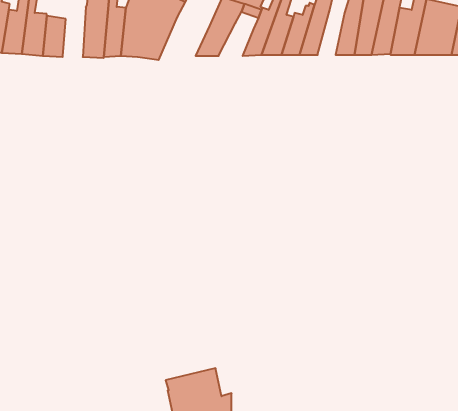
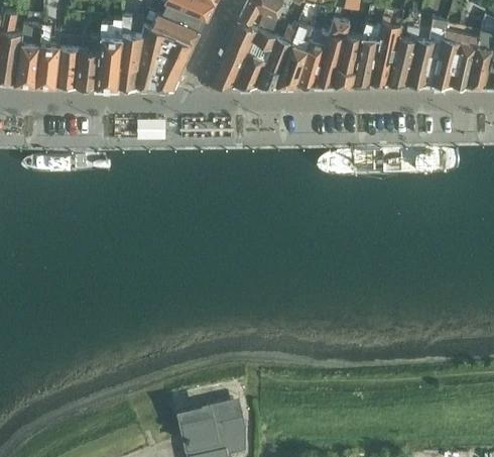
building: none -> [76,35,99,88]
building: none -> [333,41,360,86]
building: none -> [233,53,268,87]

